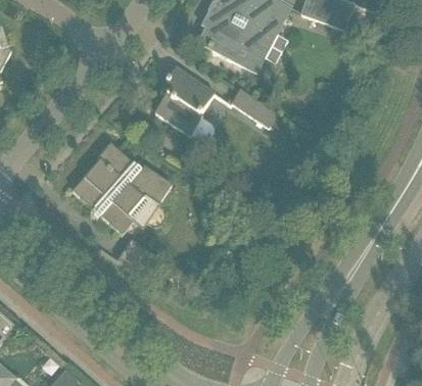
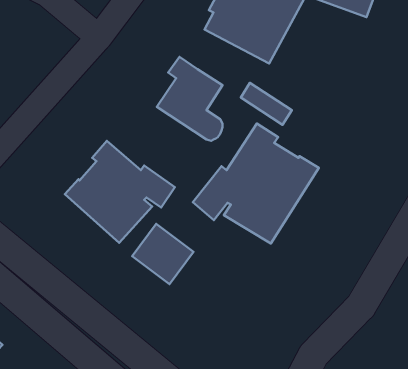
building: none -> [193,124,319,244]
building: none -> [132,224,193,284]

